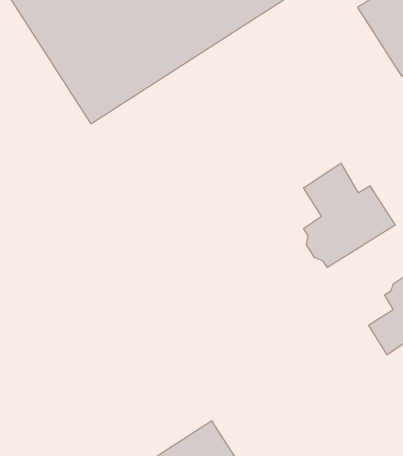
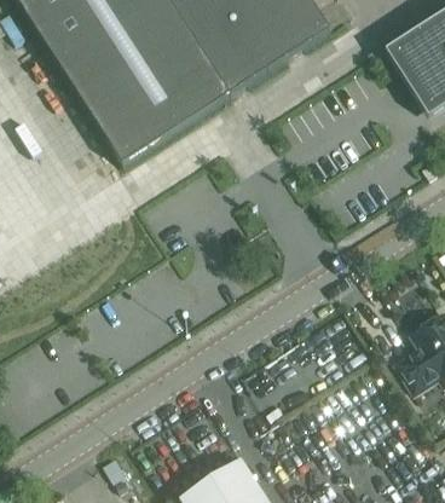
building: [303,163,395,267] -> none

